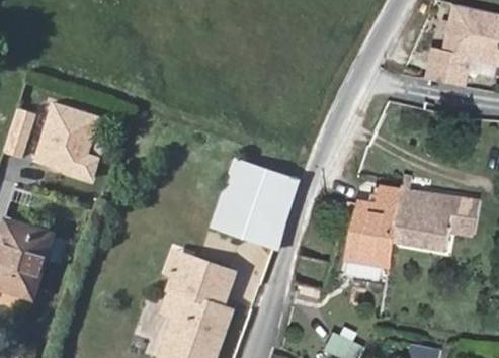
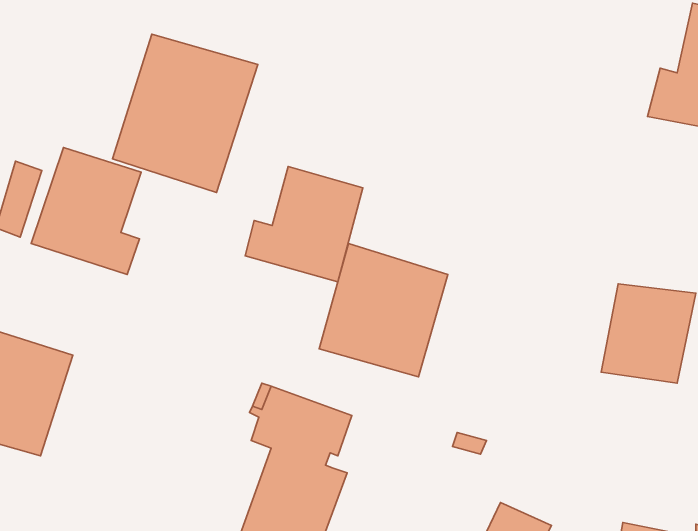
building: none -> [112,34,258,192]
building: none -> [245,167,363,282]
building: [352,178,411,268] -> none

